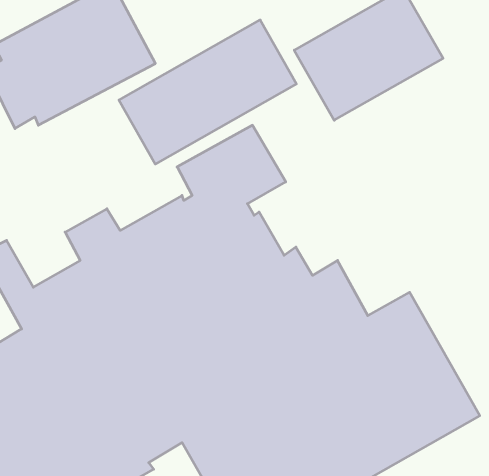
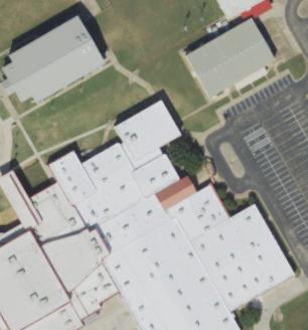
building: [119,20,296,164] -> none

